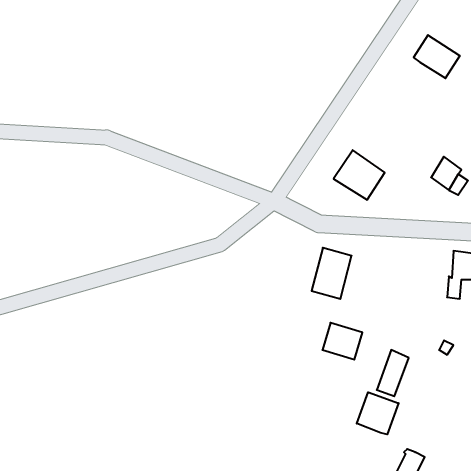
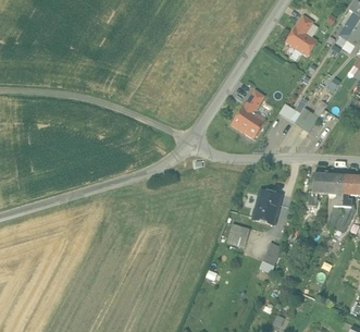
building: [312,248,352,299] -> [253,188,281,223]
building: [357,392,399,434] -> none

